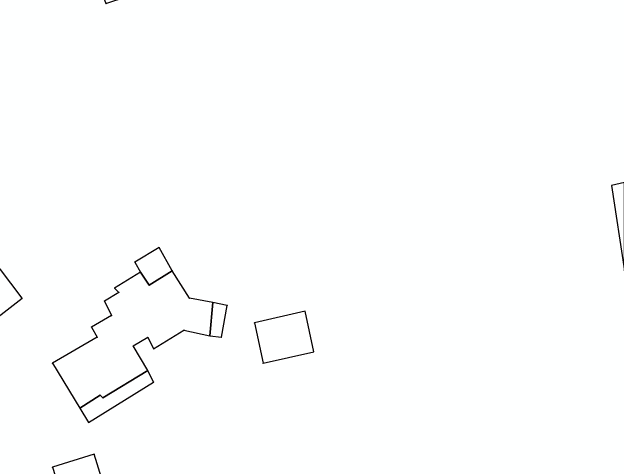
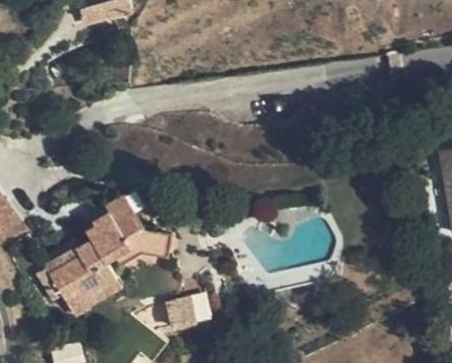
building: [254,311,314,363] -> [170,289,211,325]

